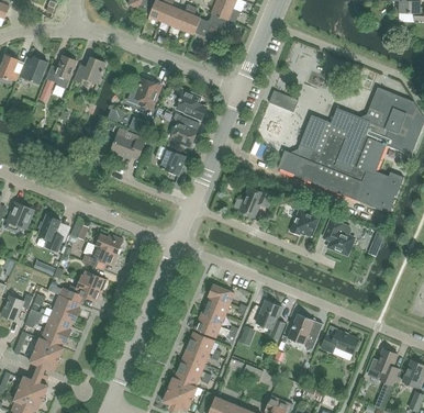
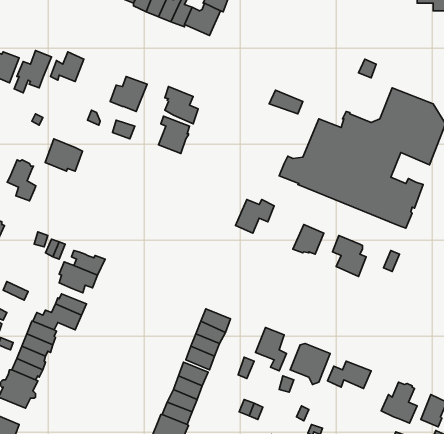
building: [111,129,144,157] -> [45,139,83,171]
building: [155,143,186,175] -> none
building: [37,214,63,250] -> [7,160,36,201]

